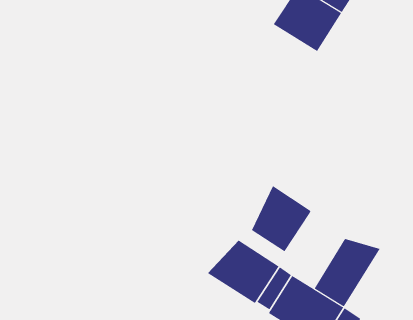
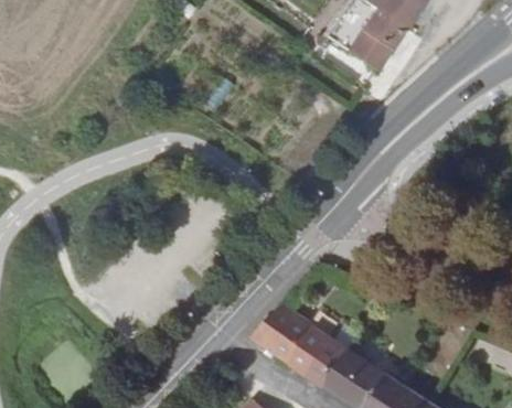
building: [251,185,311,252] -> none
building: [314,238,380,307] -> none

